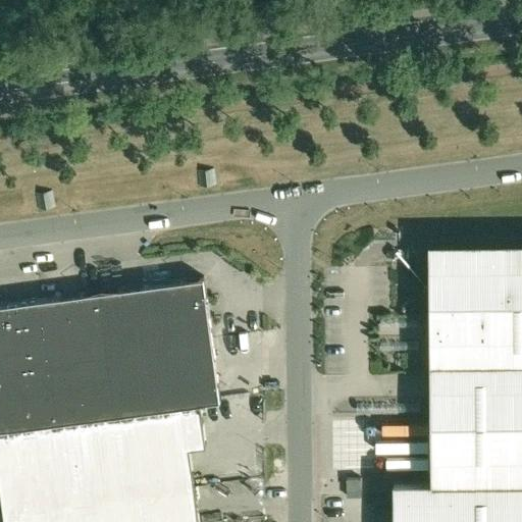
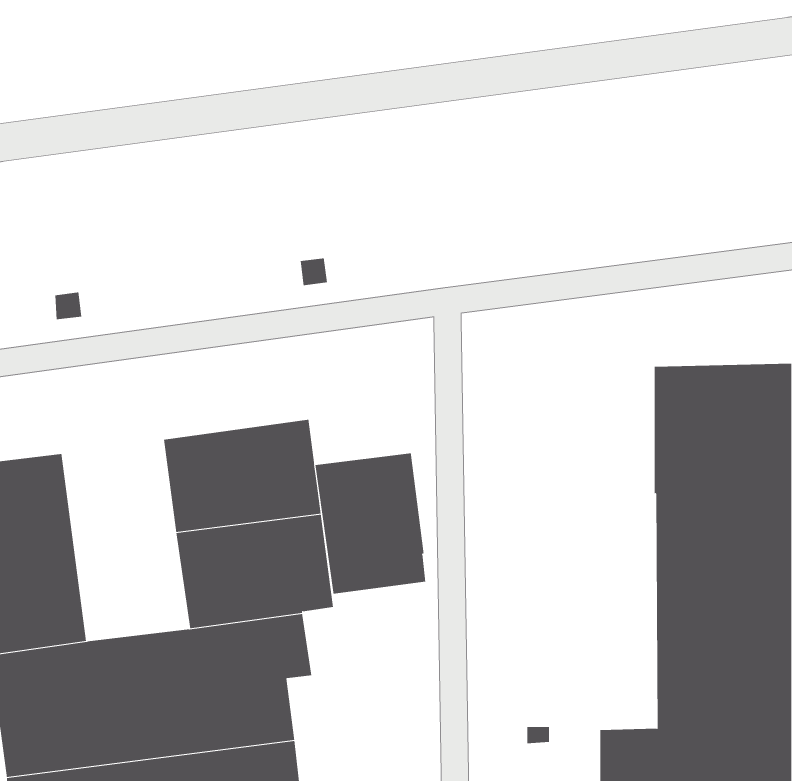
building: [41,297,124,429] -> none
building: none -> [315,453,426,594]

